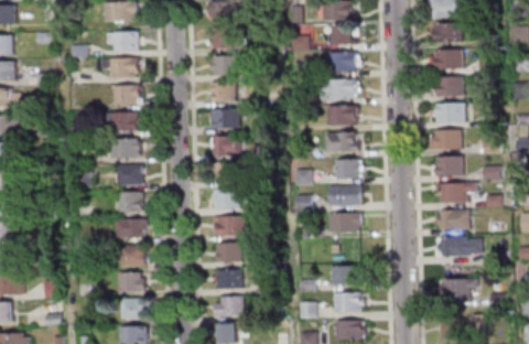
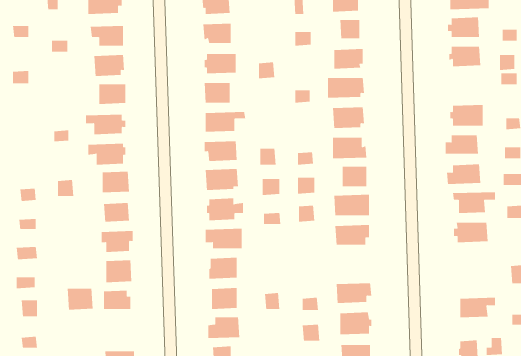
building: [434,78,464,97] -> none
building: [439,237,482,256] -> none
building: [121,299,145,319] -> [67,288,93,310]

